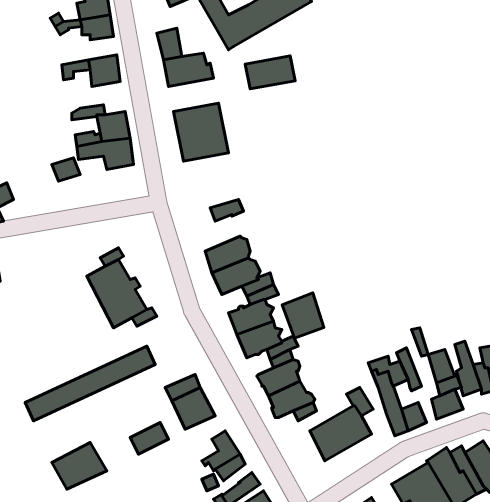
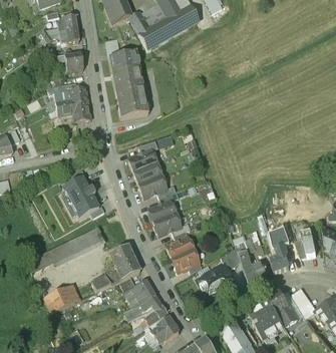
building: [245,56,295,89] -> [112,66,142,86]
building: none -> [128,148,156,170]
building: [282,293,324,338] -> none

